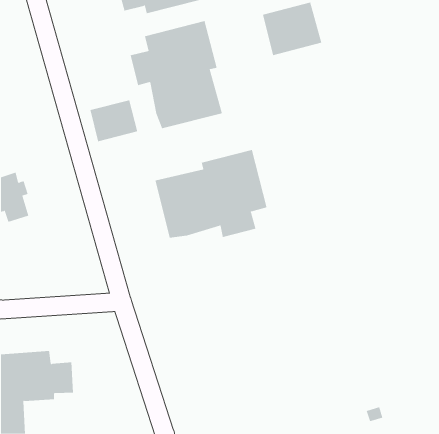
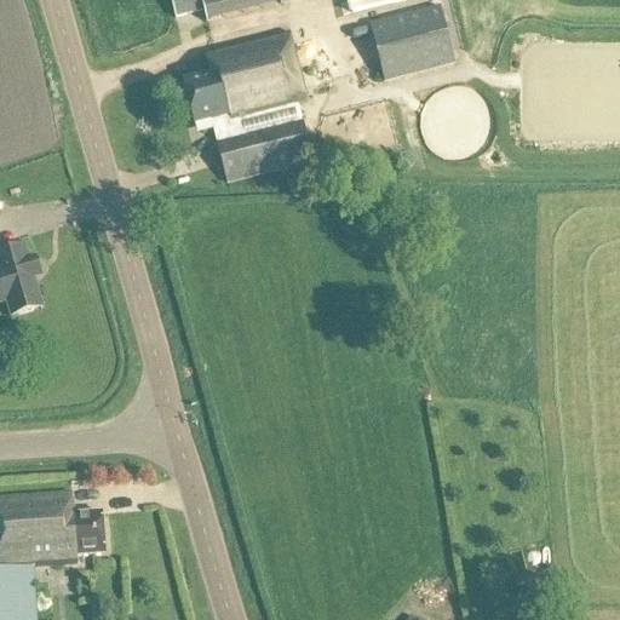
building: [90,100,138,142] -> none
building: [155,149,267,239] -> none

